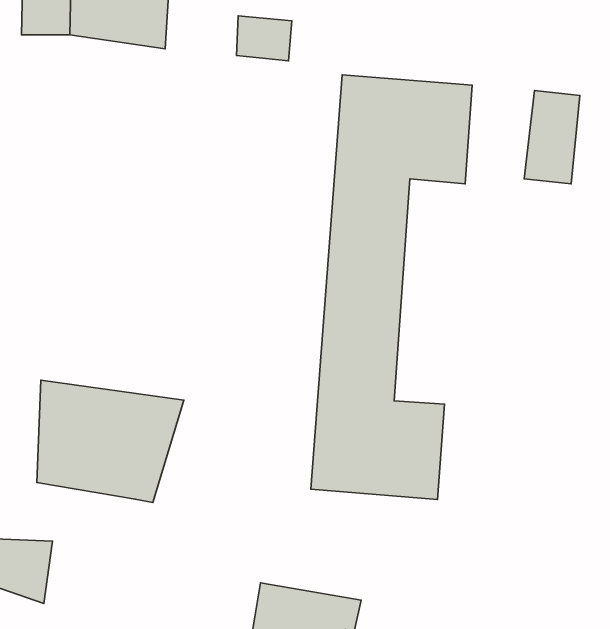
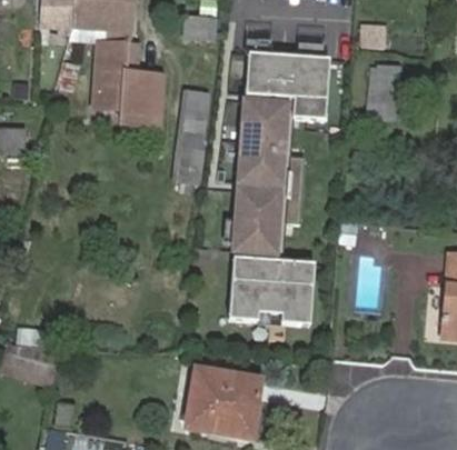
building: none -> [95,43,162,128]
building: none -> [172,88,207,182]
building: [37,380,184,503] -> none

